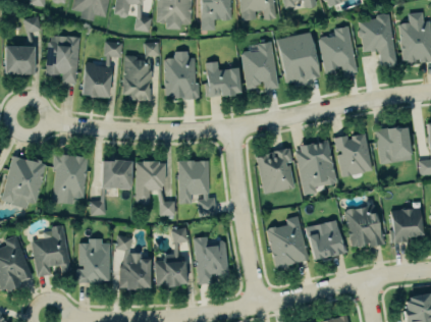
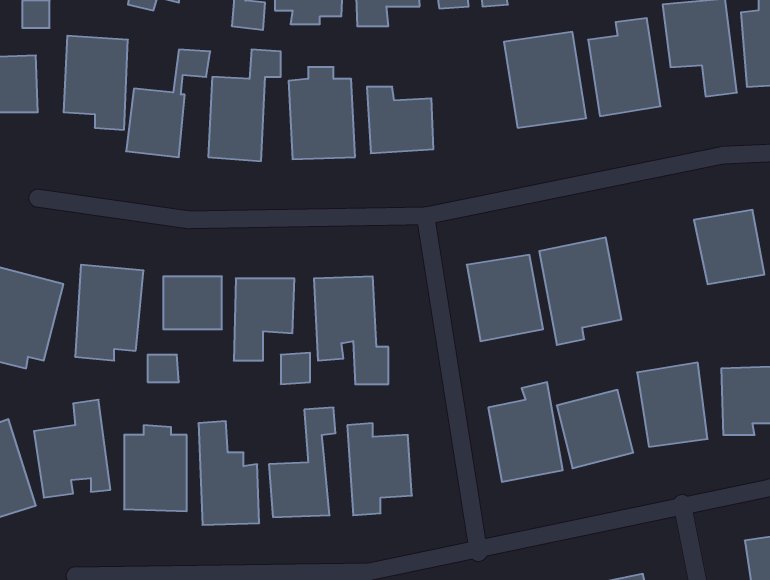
building: [243,41,278,90] -> none
building: [334,132,374,176] -> none

